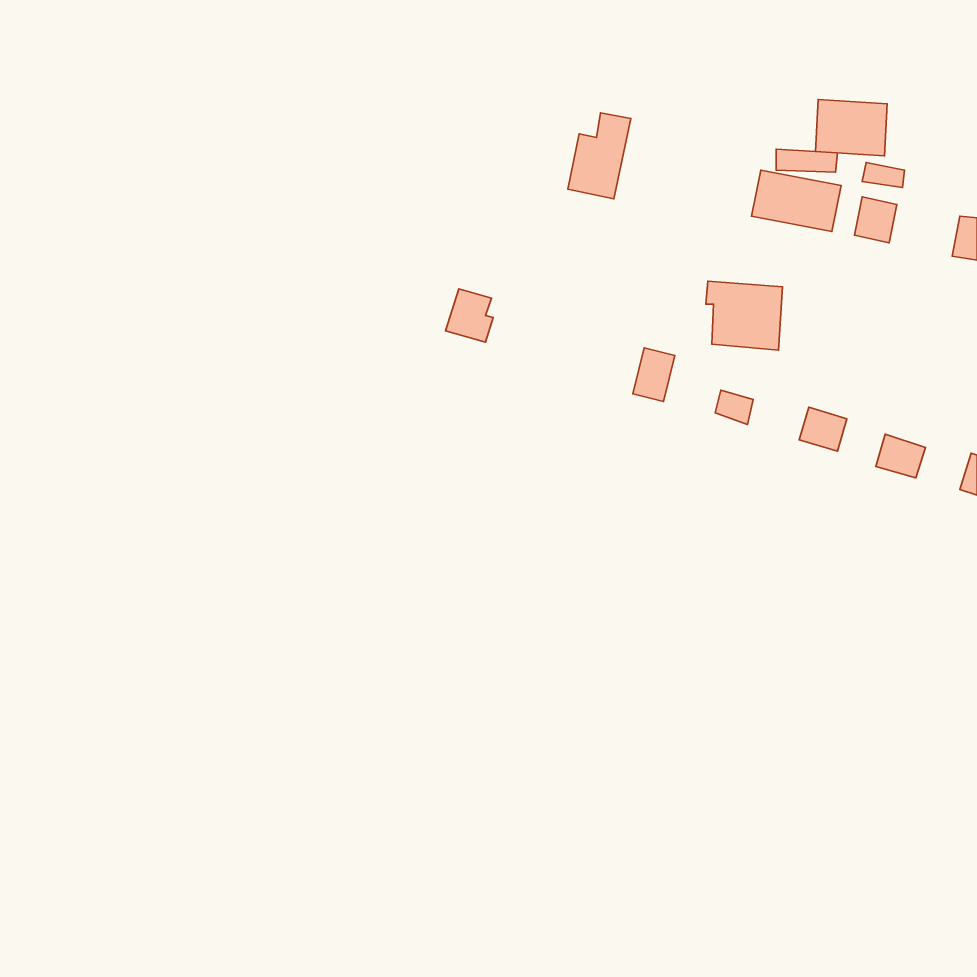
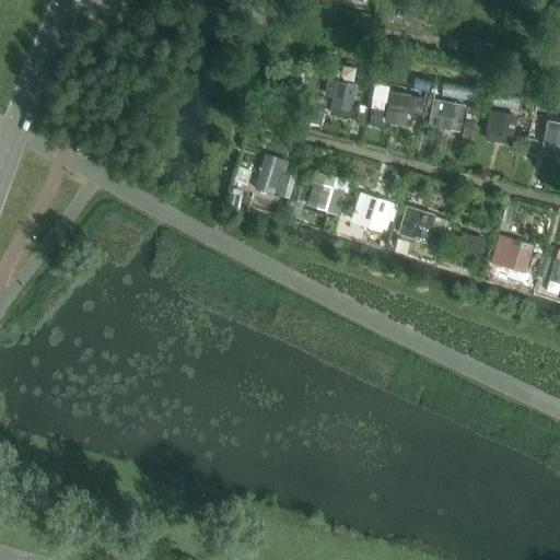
building: [816,100,887,156] -> none
building: [706,281,782,350] -> [382,86,425,126]
building: none -> [307,173,336,211]

